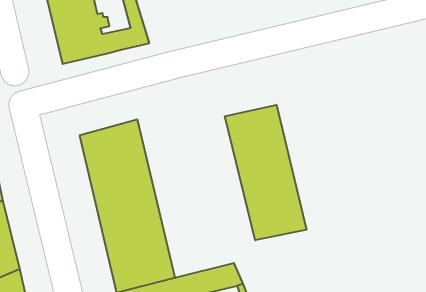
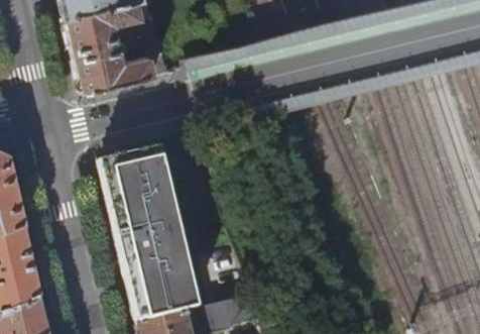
building: [225,105,306,240] -> none

